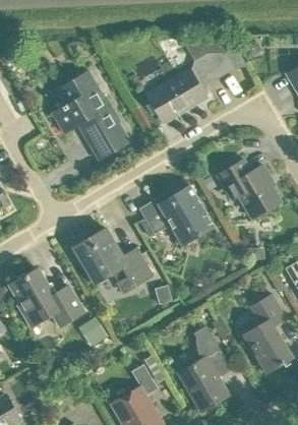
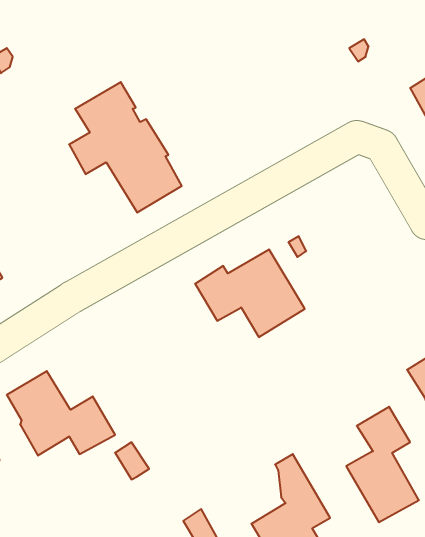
building: [146,51,234,122] -> none
building: [217,160,280,218] -> none
building: [73,228,152,292] -> none

